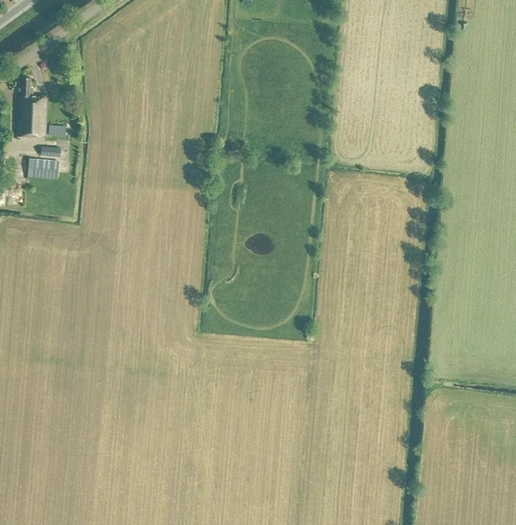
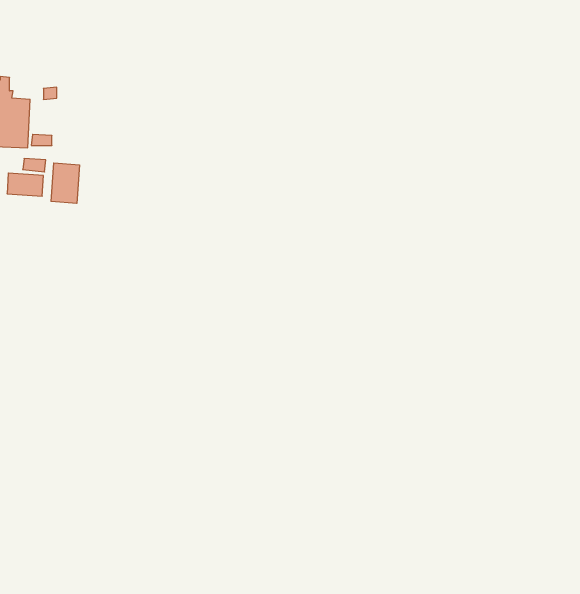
building: none -> [51,163,79,203]

